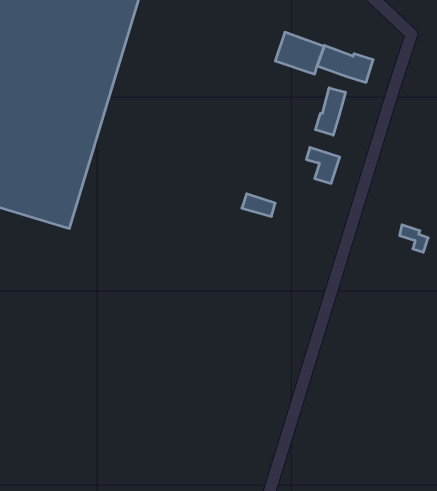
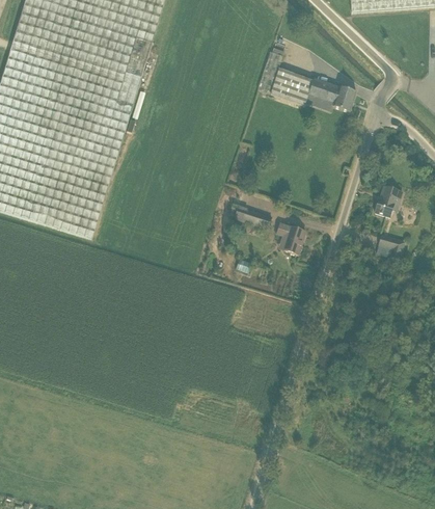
building: [315,88,345,135] -> none
building: [306,147,340,183] -> [277,219,306,250]
building: none -> [376,183,404,213]

